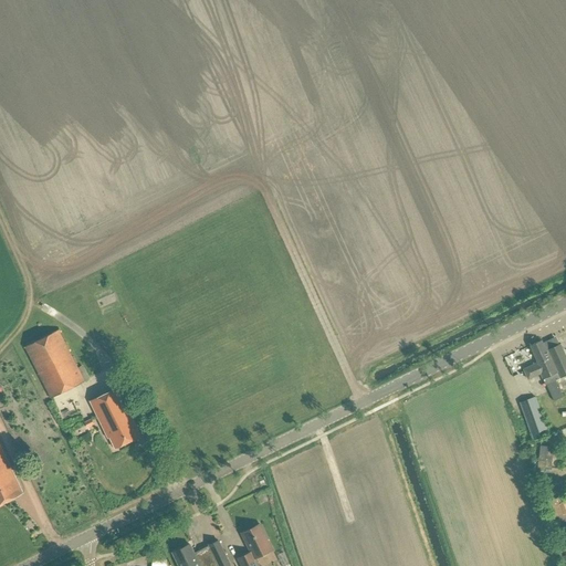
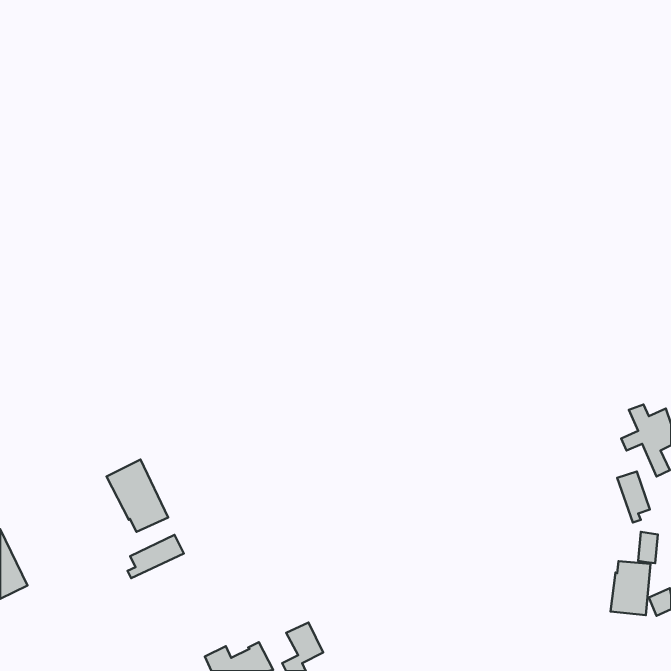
building: [24,329,84,398] -> none
building: none -> [128,535,184,578]
building: none -> [611,561,650,615]

